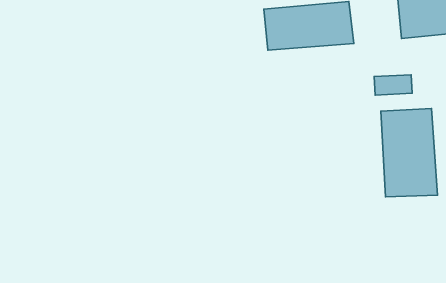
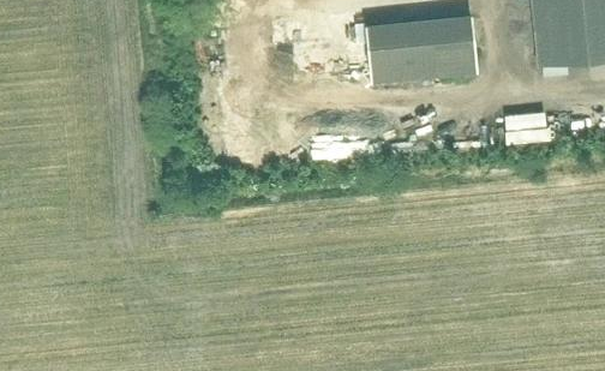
building: [381,108,438,197] -> none

